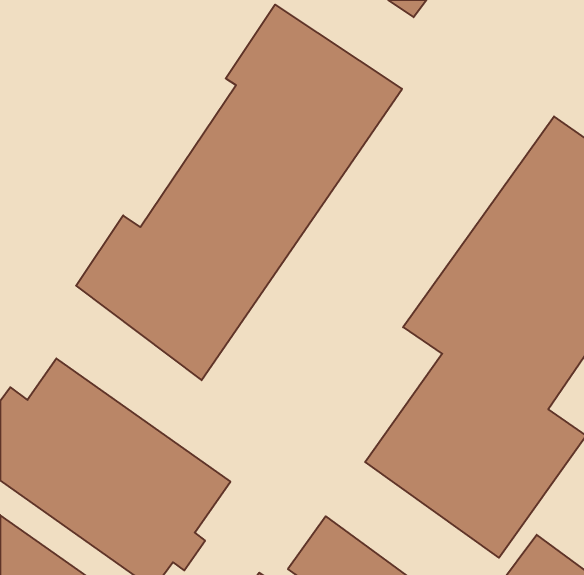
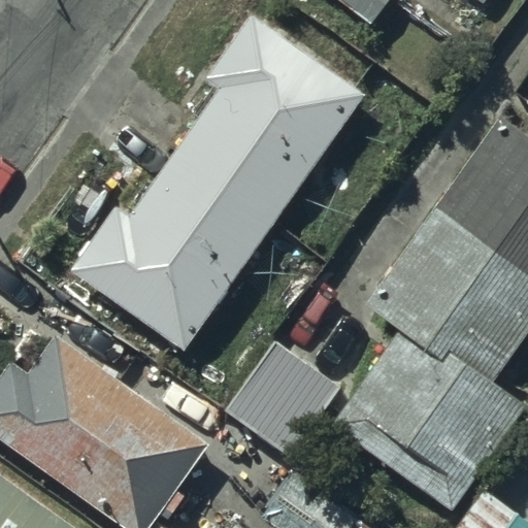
building: none -> [223,342,341,462]

